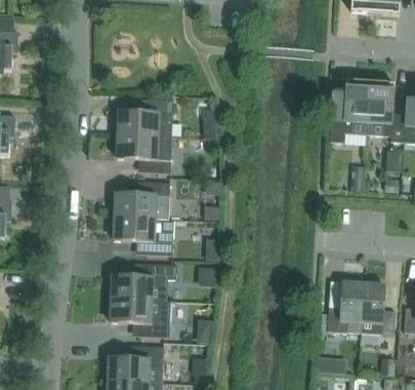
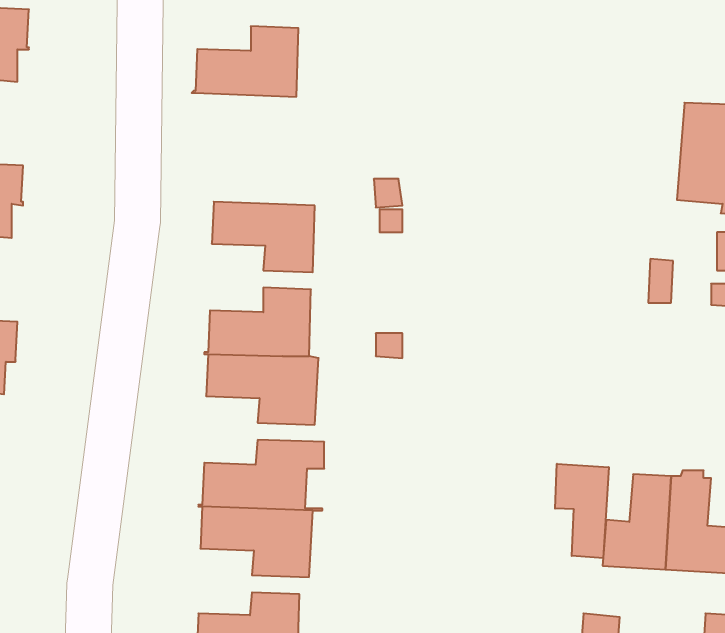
building: [329,80,370,142] -> none
building: [115,99,172,136] -> [192,26,298,97]
building: none -> [555,464,609,558]

